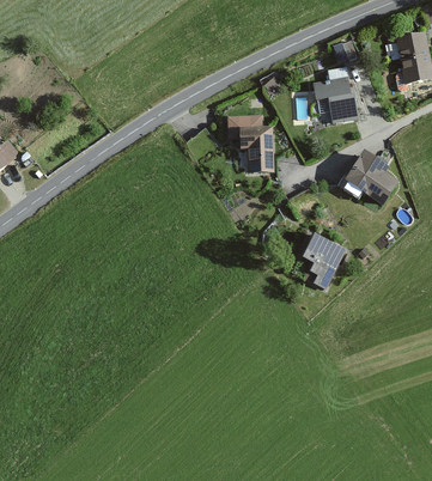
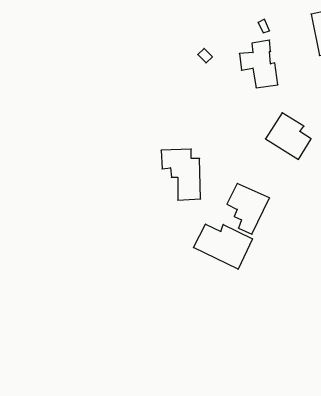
building: [226,115,272,173] -> [161,149,201,200]
building: none -> [193,224,252,269]

